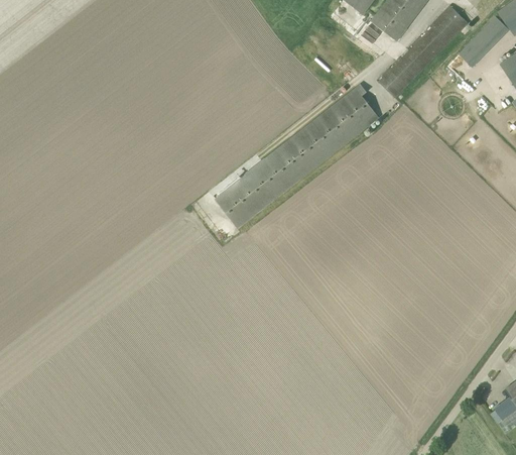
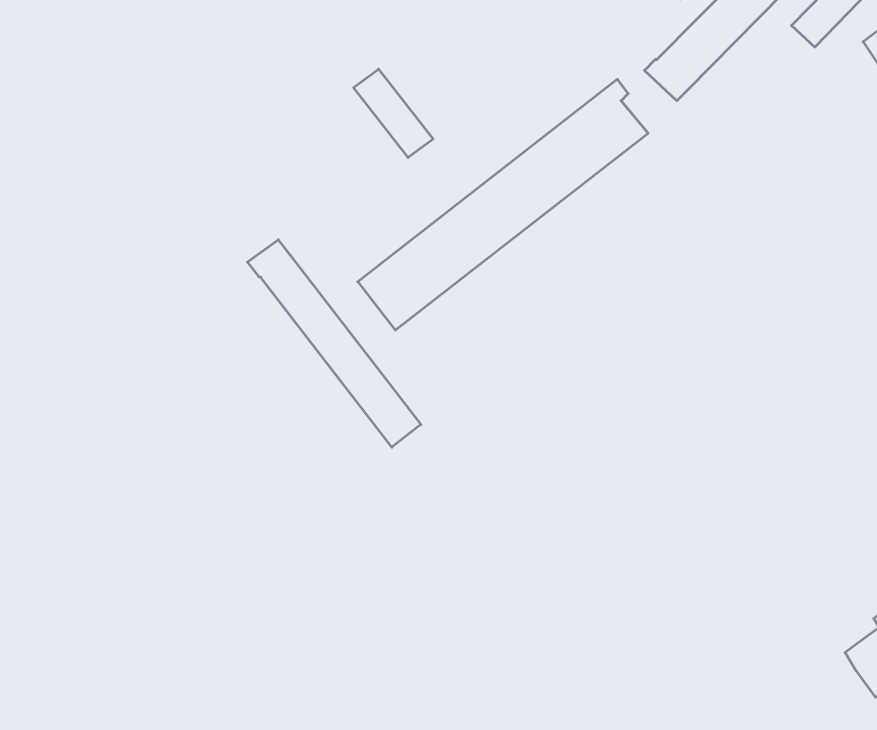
building: none -> [354,69,433,158]
building: none -> [247,240,421,447]

